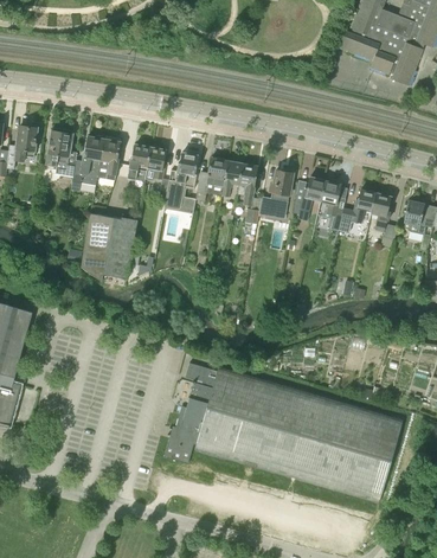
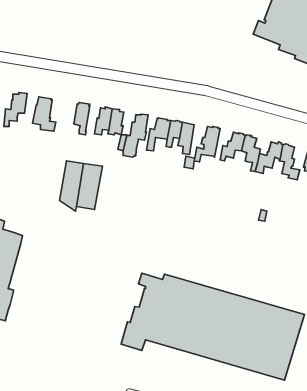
building: [71,135,104,192] -> none

